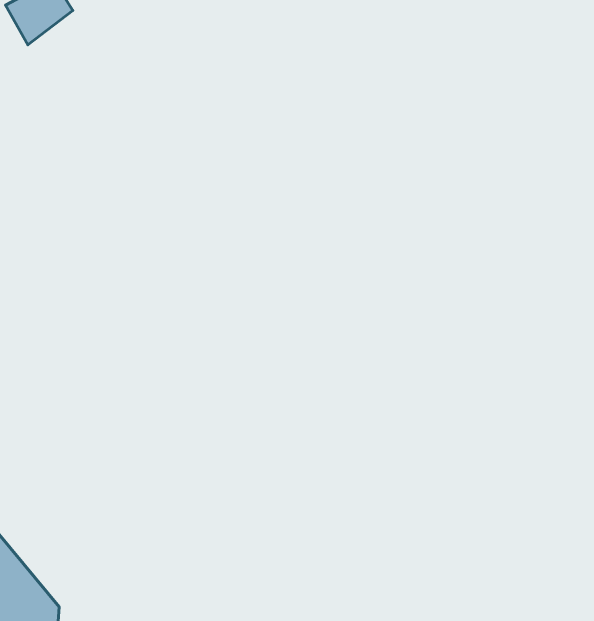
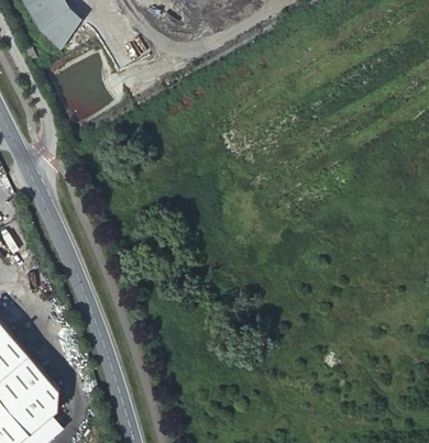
building: none -> [40,12,80,53]

